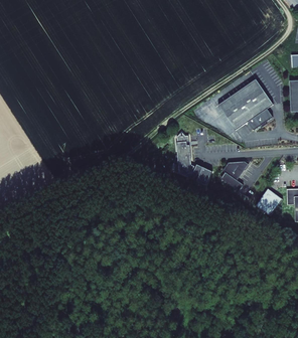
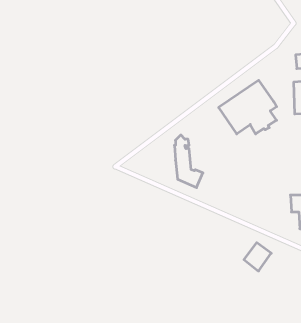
building: [220,161,248,190] -> none
building: [256,188,282,215] -> [244,243,271,271]

